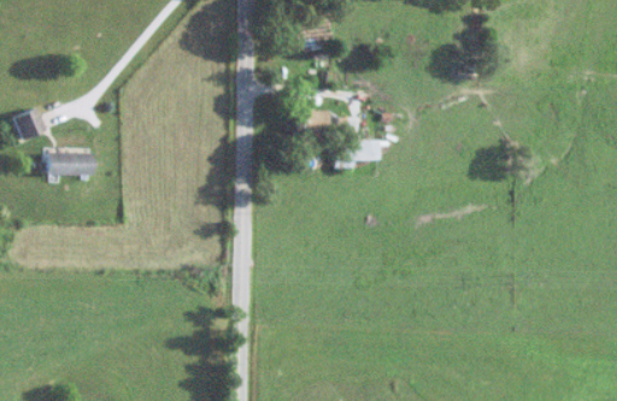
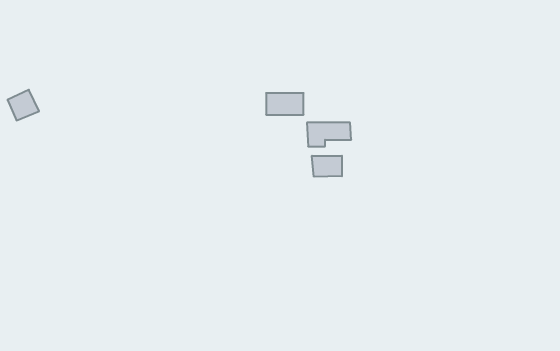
building: [43,151,90,175] -> none
building: none -> [312,156,342,177]

